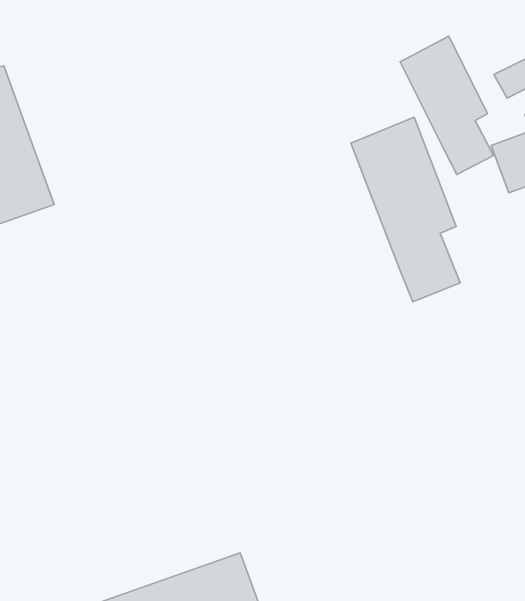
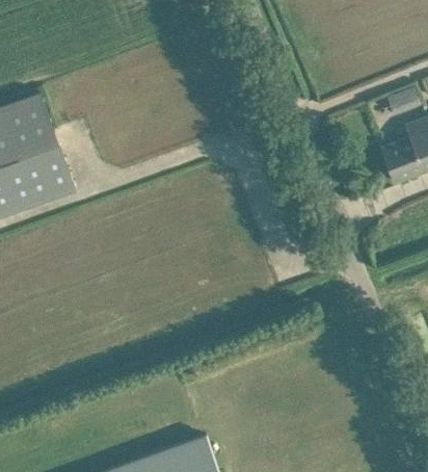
building: [400,36,493,174] -> none
building: [351,117,460,302] -> none

